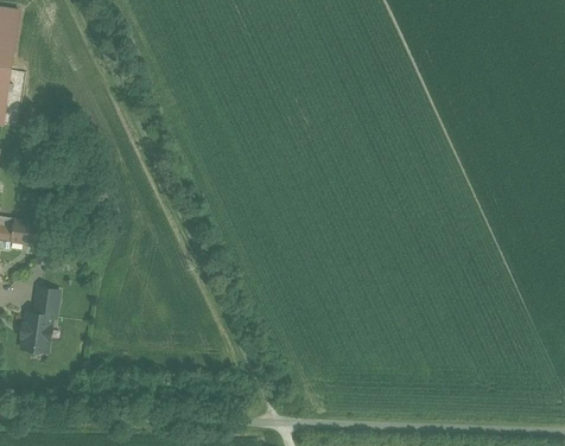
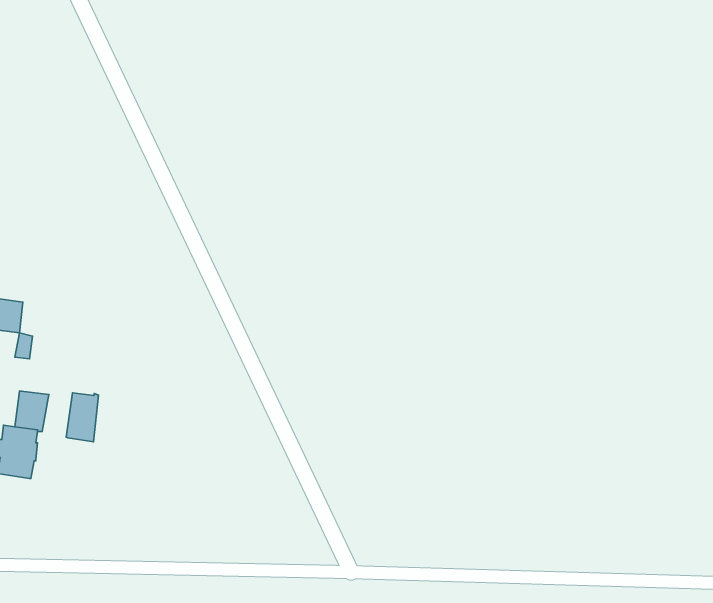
building: none -> [66,393,99,442]

